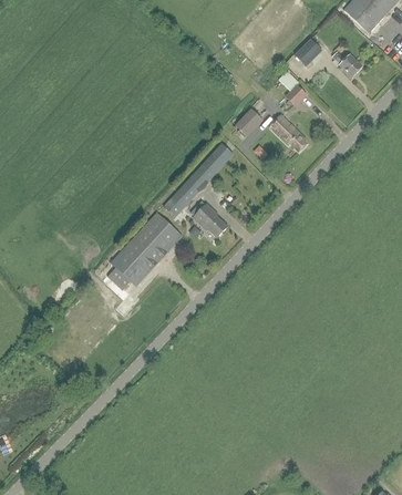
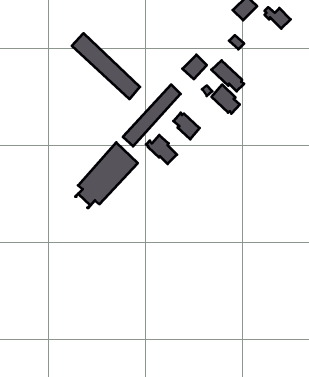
building: none -> [72,33,140,99]
building: none -> [212,85,240,114]
building: none -> [173,113,200,139]

